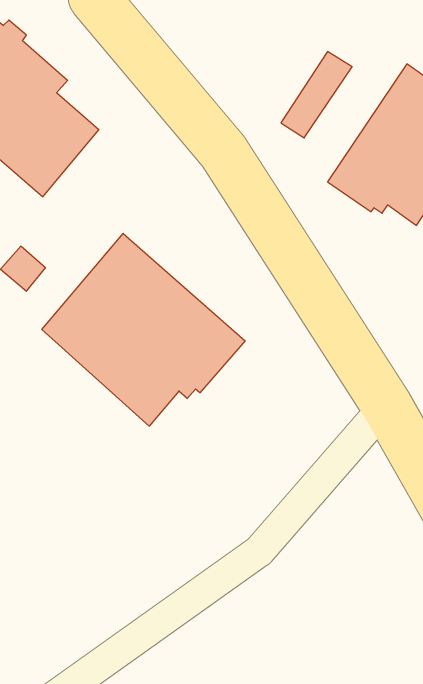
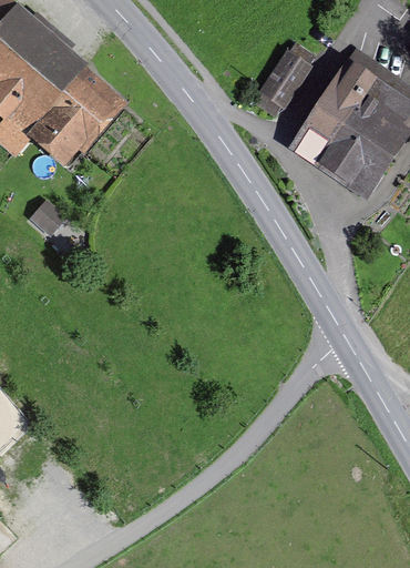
building: [42,233,245,426] -> none

